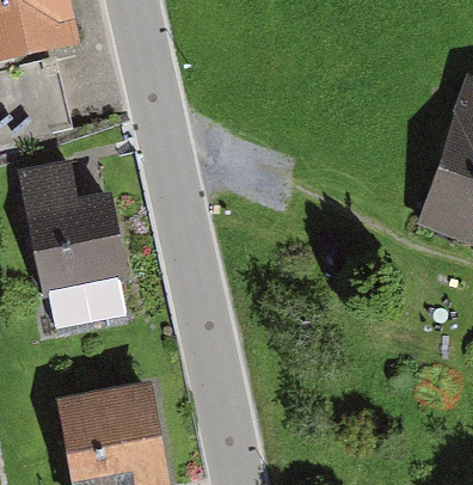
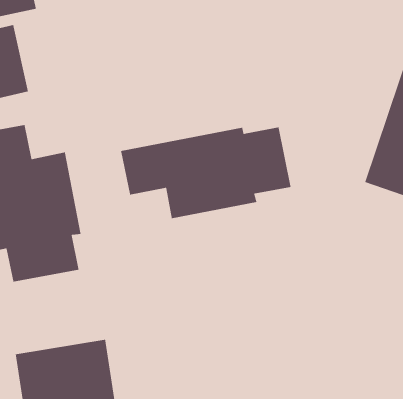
building: none -> [120,127,291,219]

